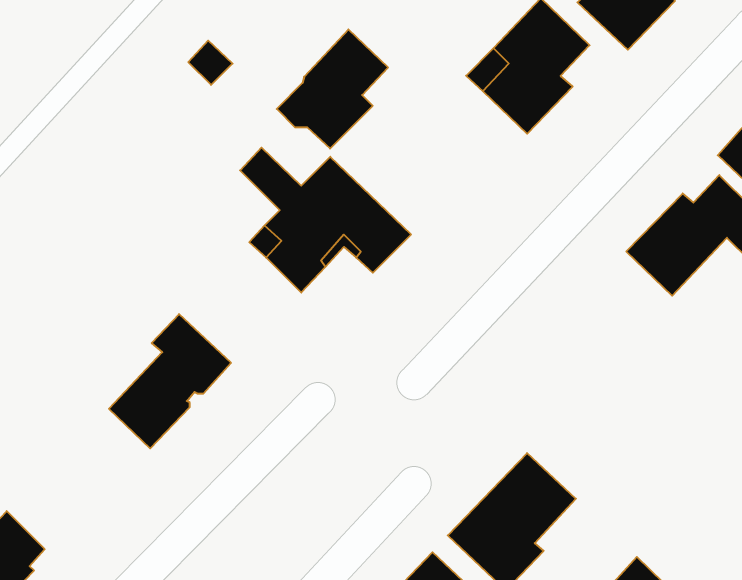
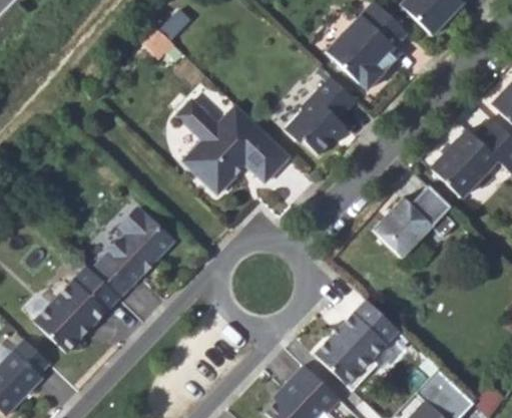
building: [277,29,388,149] -> [284,76,357,154]
building: none -> [373,185,451,258]
building: none -> [35,266,119,353]

